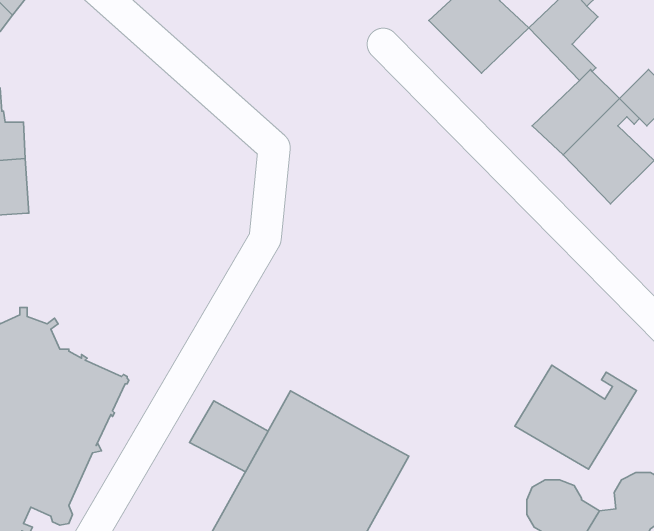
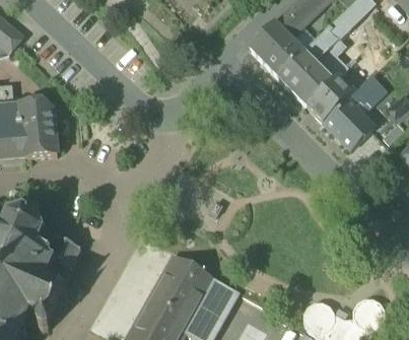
building: none -> [278,50,333,105]
building: none -> [19,98,57,154]
building: [515,365,636,469] -> none
building: [190,401,268,472] -> none

